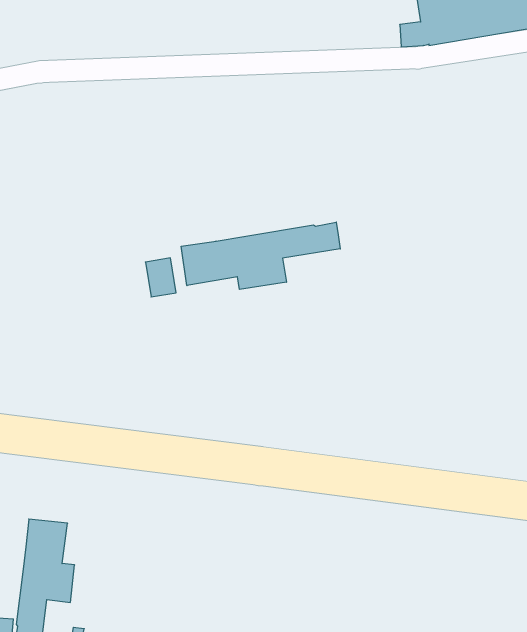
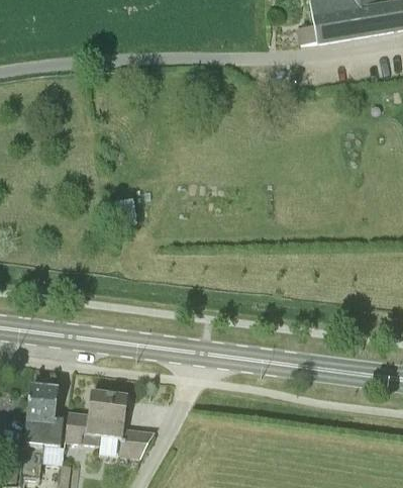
building: [181,222,340,289] -> none
building: none -> [66,391,154,457]

